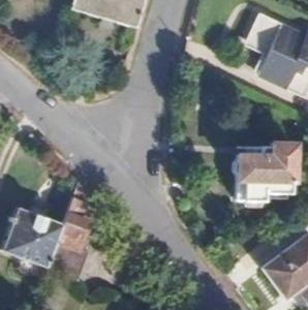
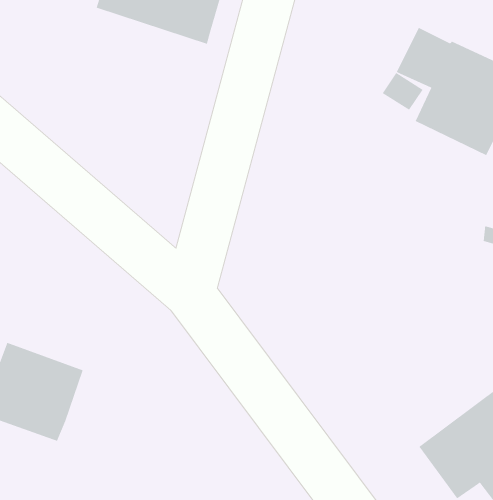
building: [236,143,291,205] -> none
building: [52,179,94,259] -> none

